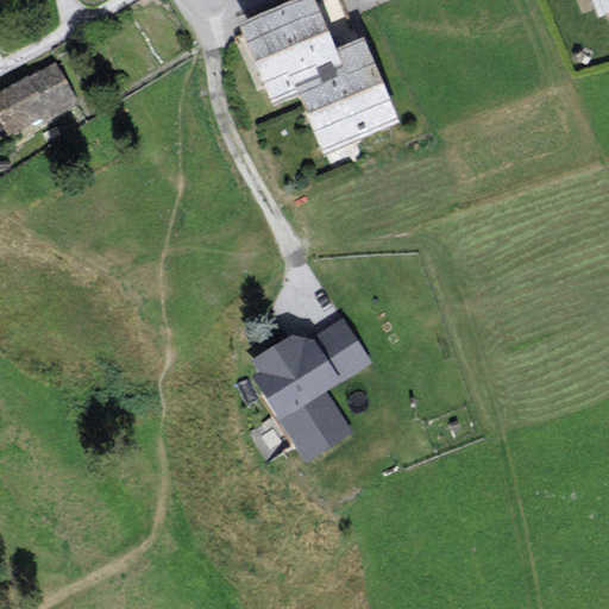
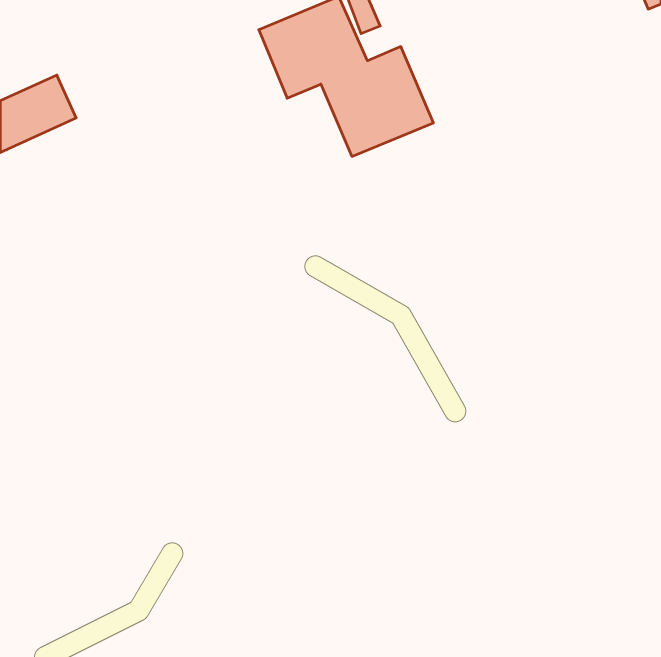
building: [251,326,362,447] -> none

